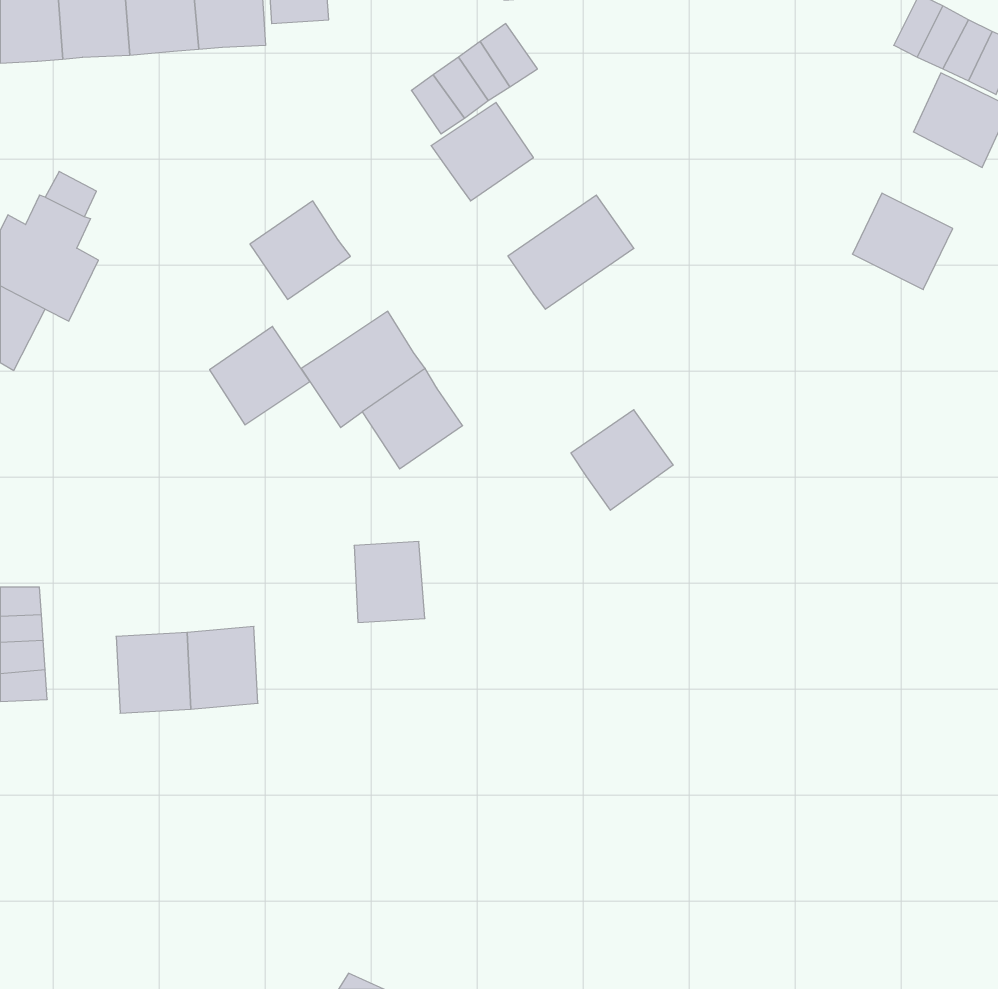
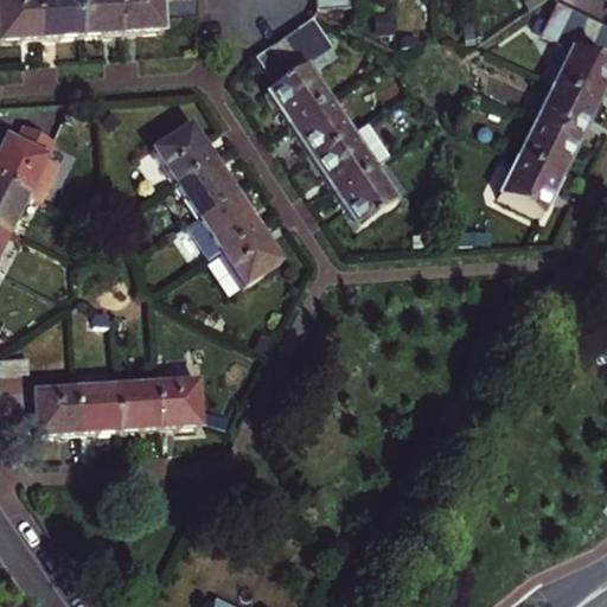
building: none -> [536,79,596,138]
building: none -> [288,95,349,154]
building: none -> [499,153,561,212]
building: [210,326,310,425] -> [178,154,238,213]
building: [571,410,673,510] -> [333,160,395,221]
building: [354,542,425,622] -> [158,375,200,423]
building: none -> [34,383,77,432]

